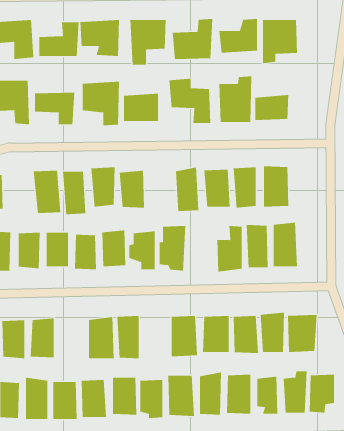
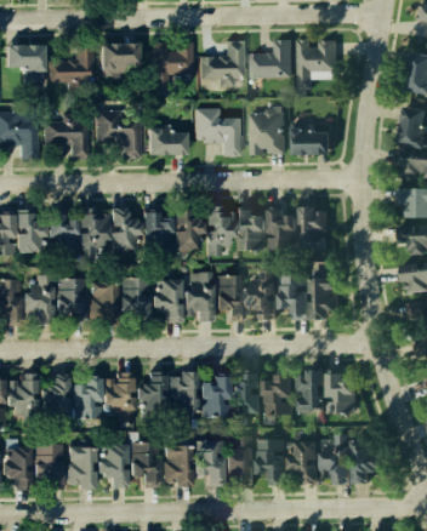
building: none -> [171,207,200,256]
building: none -> [15,211,39,251]
building: none -> [218,274,245,322]
building: none -> [167,371,194,419]
building: none -> [72,377,101,422]

